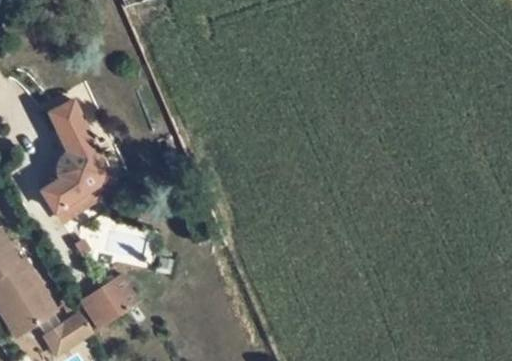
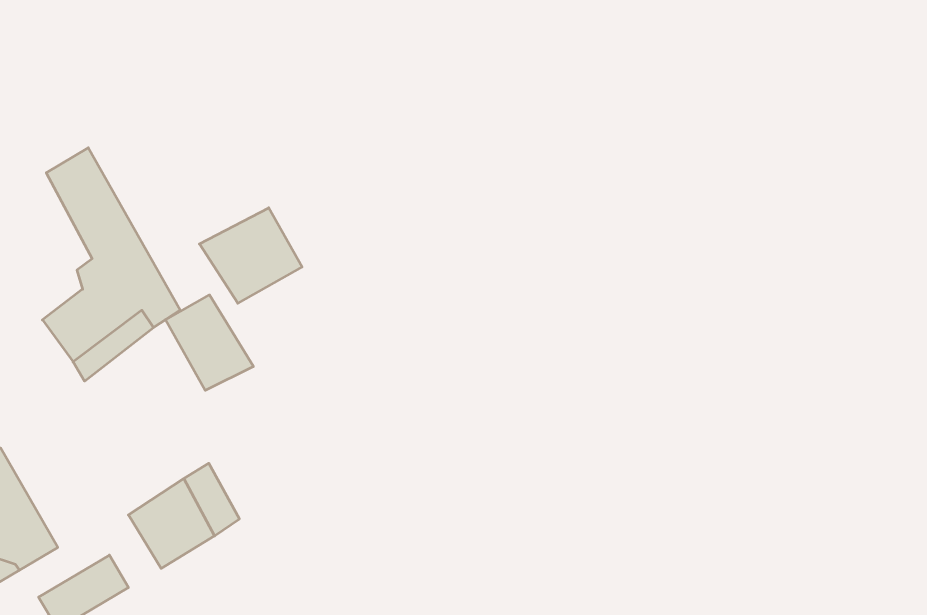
building: none -> [199,208,302,303]
building: none -> [165,295,253,390]

